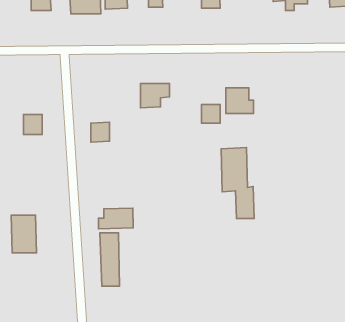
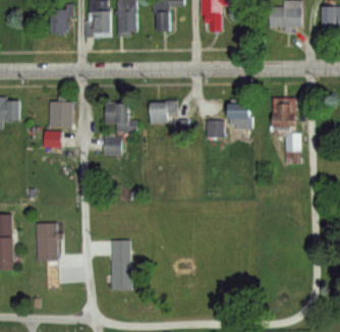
building: none -> [50,101,70,127]
building: none -> [106,104,138,133]
building: [221,148,254,218] -> [272,98,302,163]
building: [98,208,133,229] -> none

